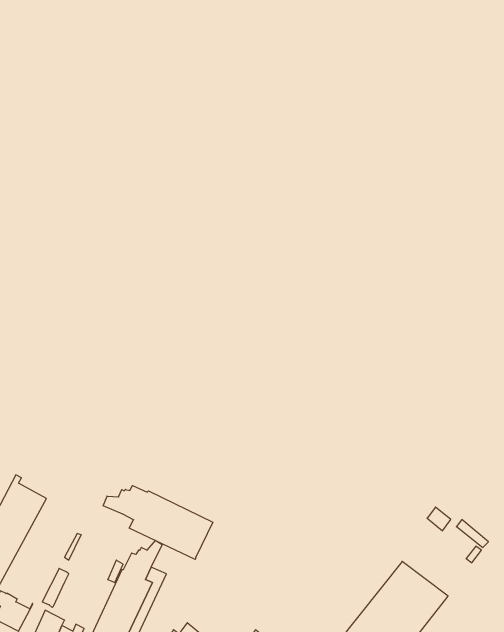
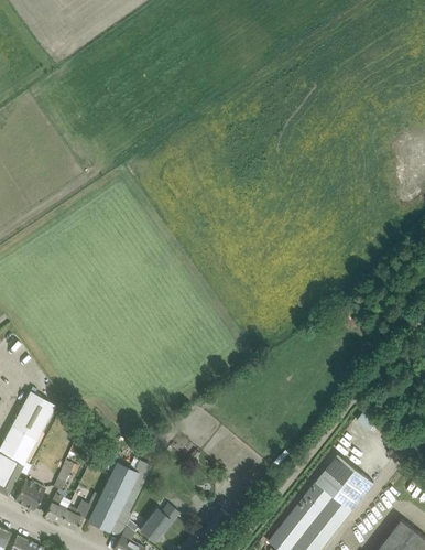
building: [103,486,213,559] -> none

